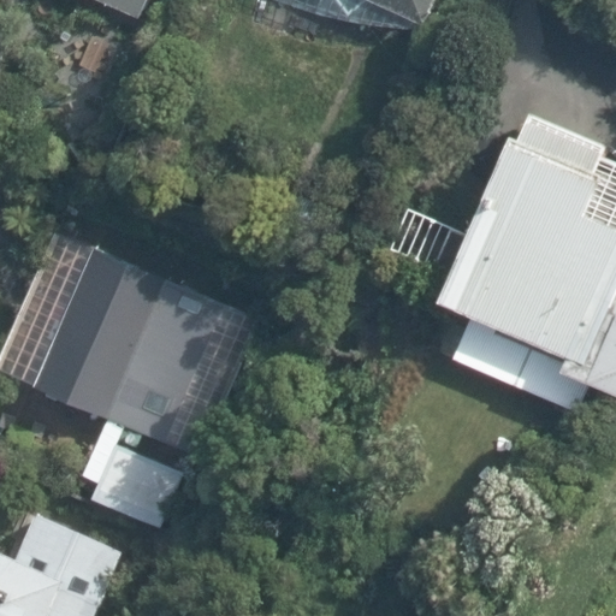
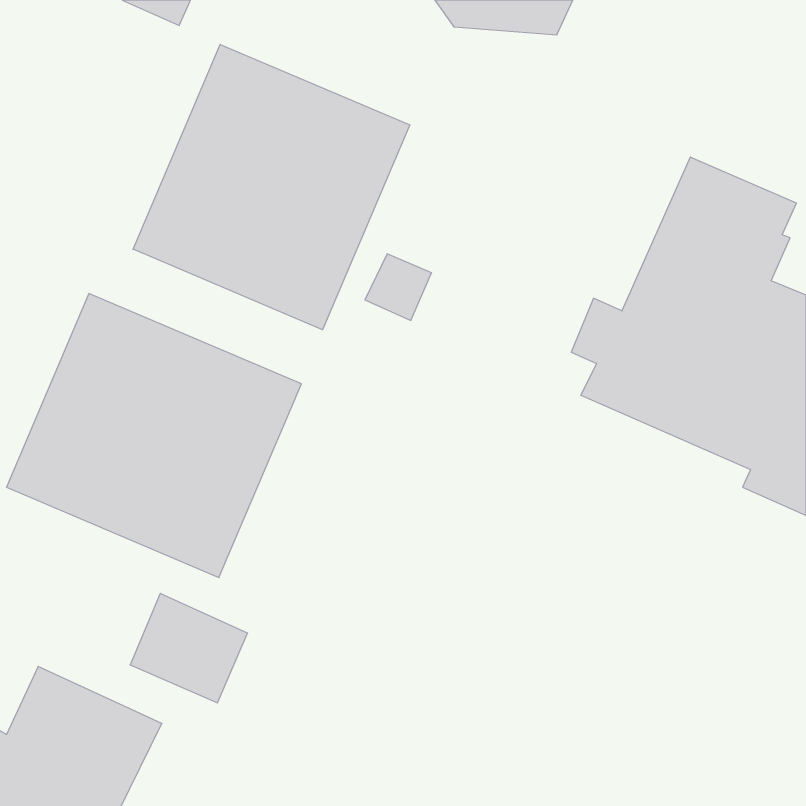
building: none -> [133,44,410,330]

